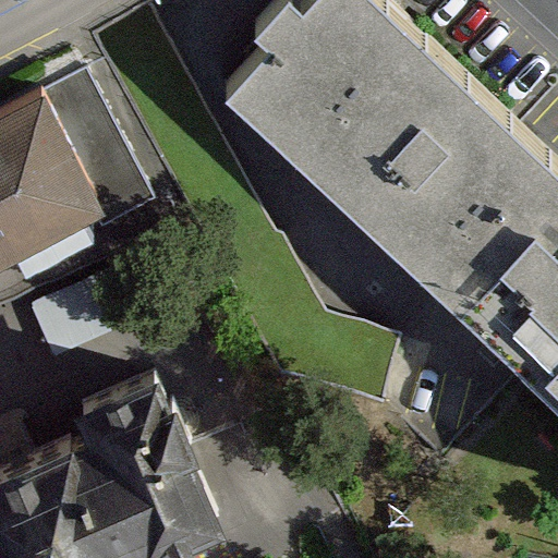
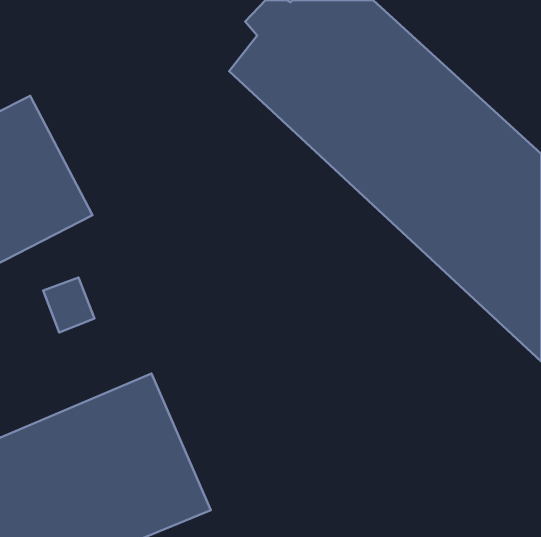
building: [34,65,146,216] -> none

